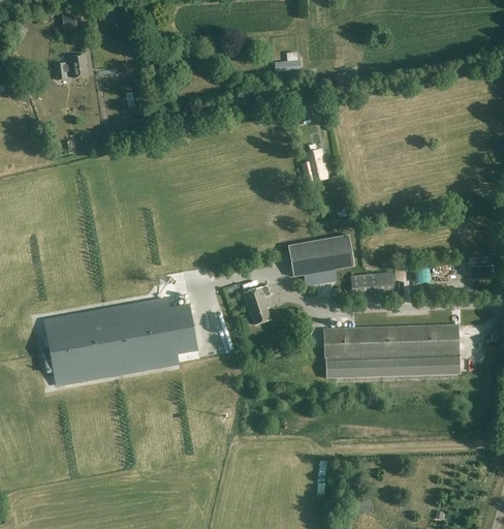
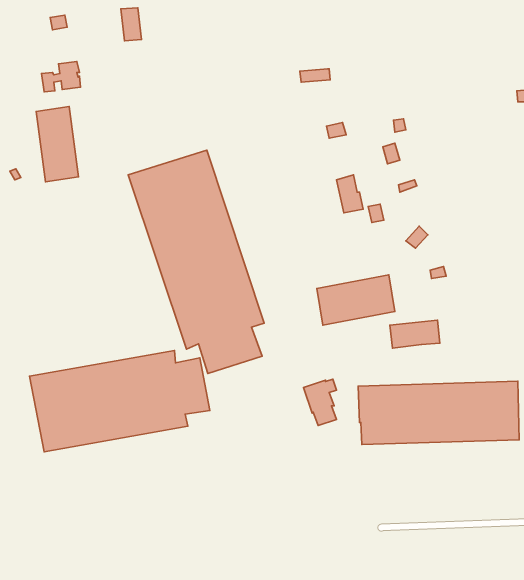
building: none -> [36,106,79,182]
building: none -> [128,150,264,374]
building: [243,285,271,324] -> [304,379,336,425]

